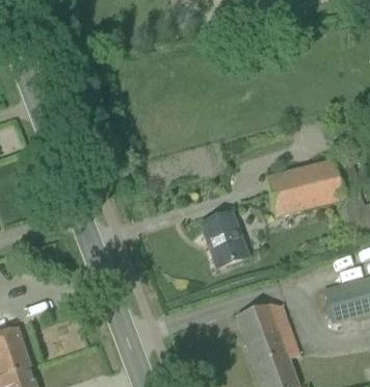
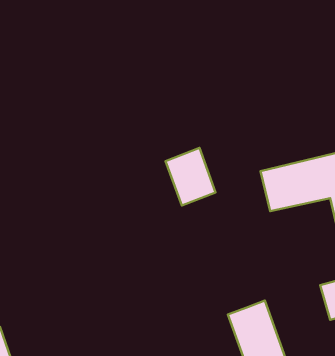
building: [202,209,249,264] -> [166,148,216,206]

